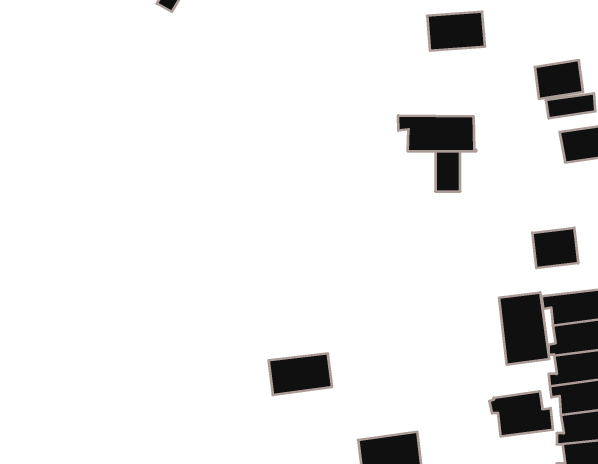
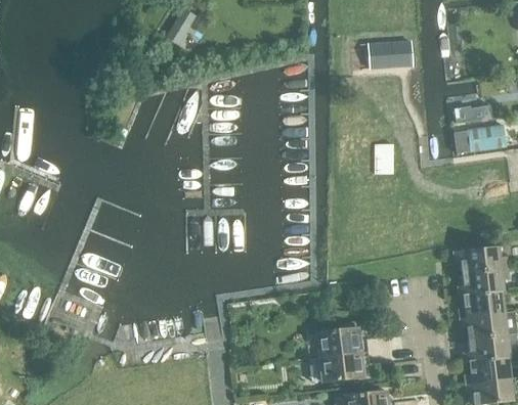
building: [398,115,476,151] -> none
building: [532,228,578,268] -> none
building: [499,292,549,365] -> none
building: [269,354,332,395] -> [313,326,360,357]
building: [489,391,553,436] -> none

